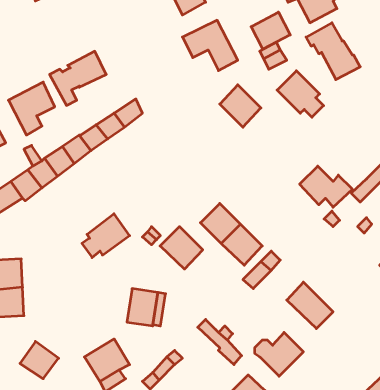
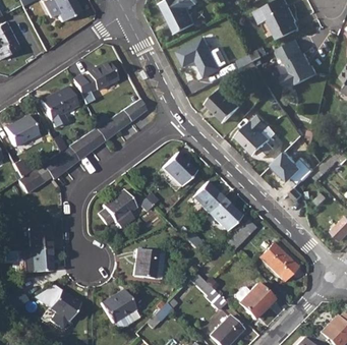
building: [251,12,290,49] -> none
building: [277,71,324,117] -> [237,120,274,157]
building: [160,227,203,269] -> [163,152,196,185]

